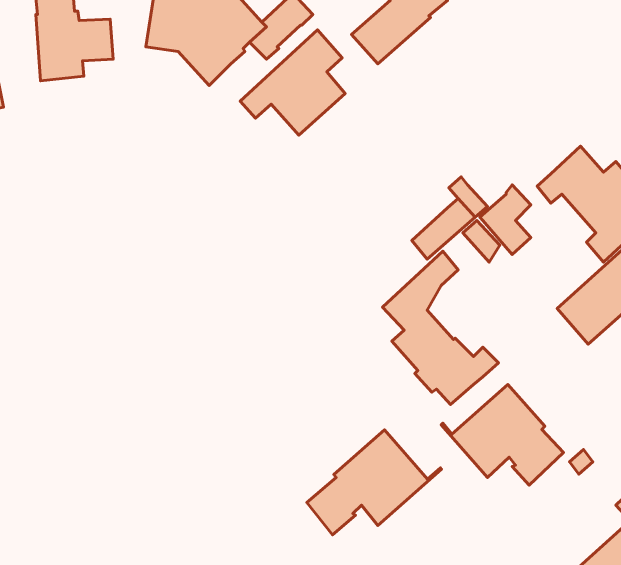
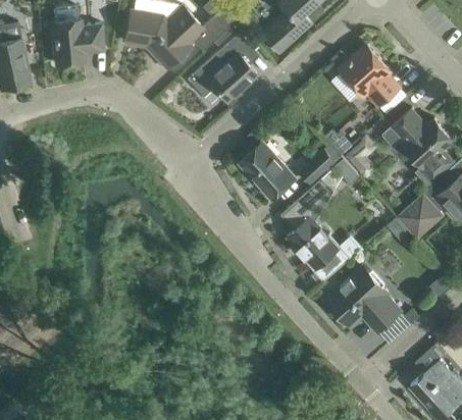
building: none -> [339,44,400,106]
building: none -> [239,132,296,200]
building: [307,430,442,535] -> none

